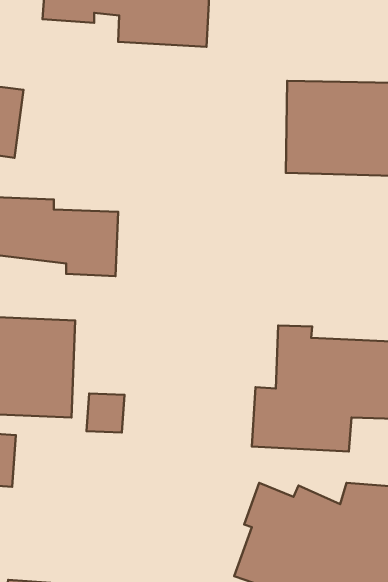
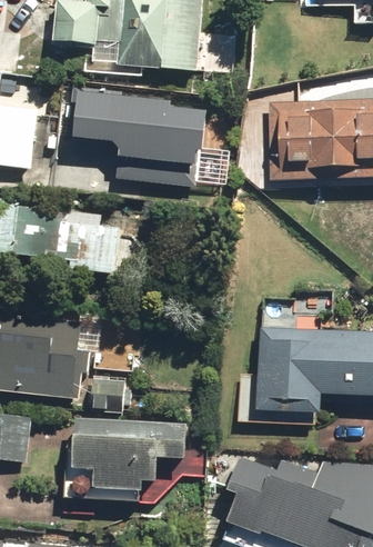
building: none -> [67,87,210,189]
building: none -> [75,417,196,496]

